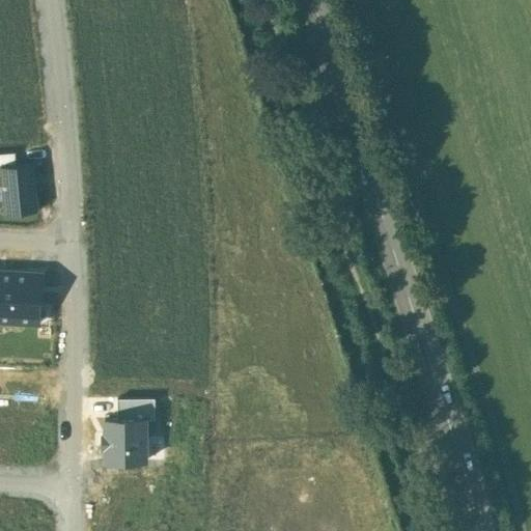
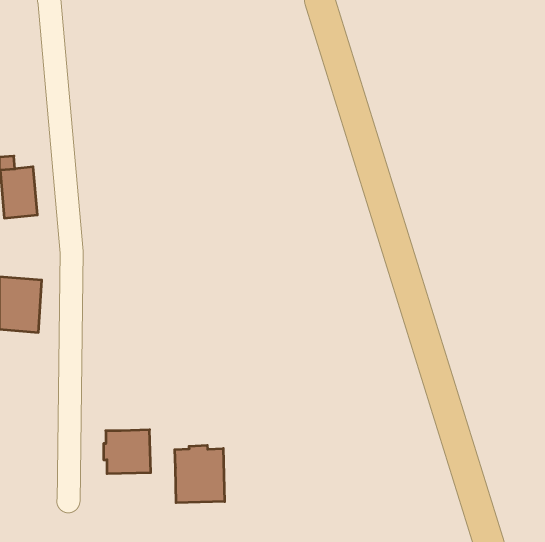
building: [116,401,153,422] -> none
building: none -> [175,445,225,503]

